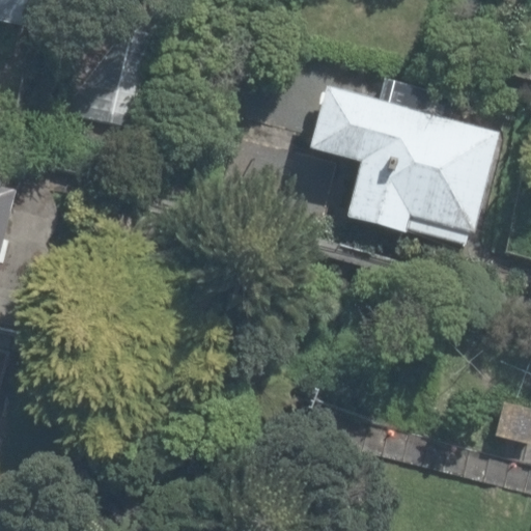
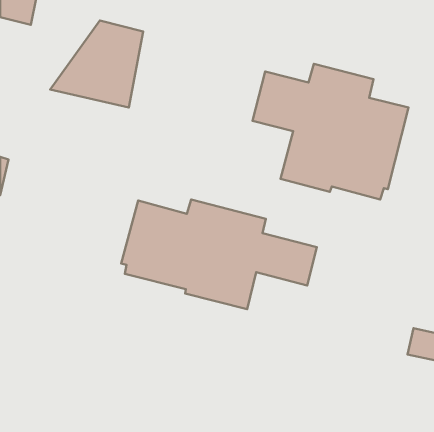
building: none -> [121,199,317,309]

